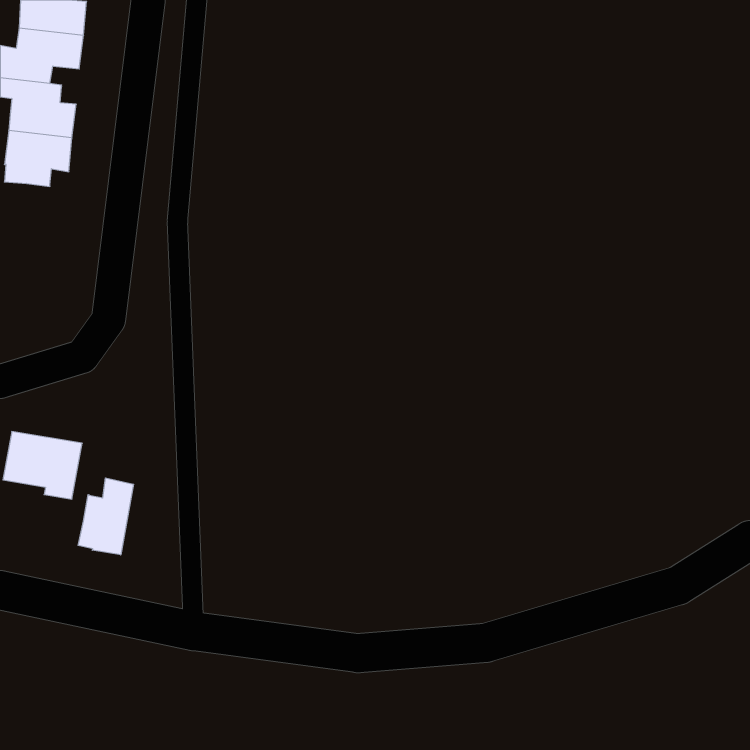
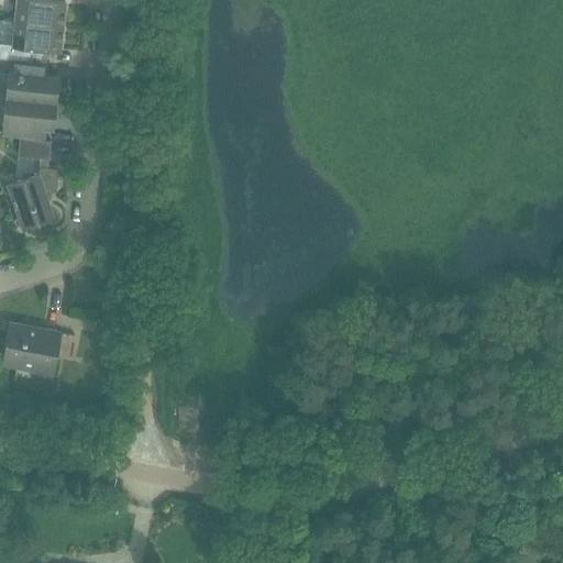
building: none -> [8,137,58,228]
building: [78,478,134,555] -> none

